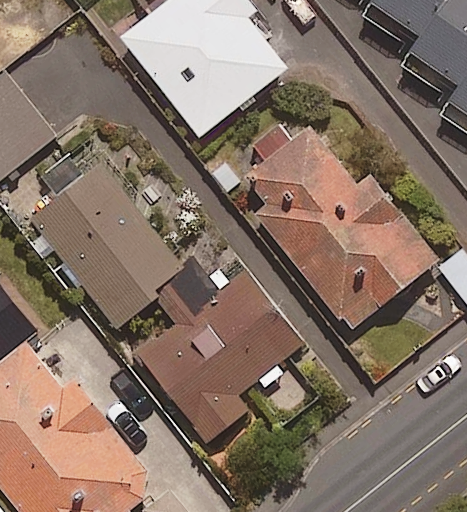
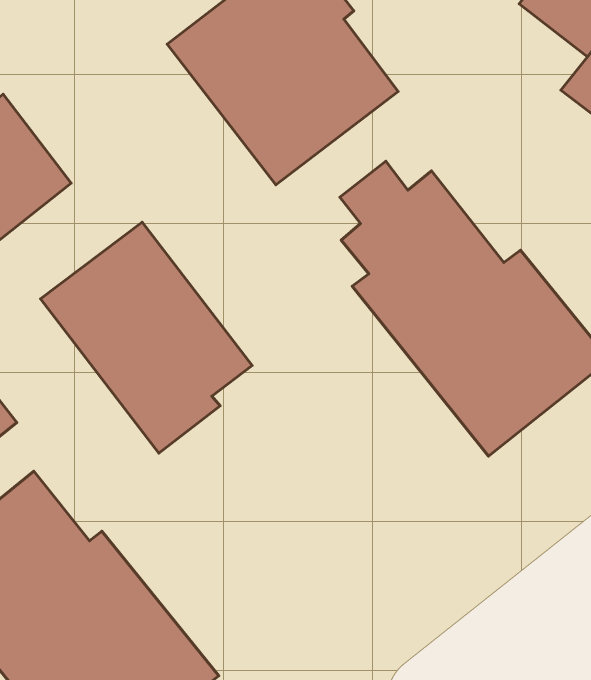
building: [138,258,297,442] -> none

